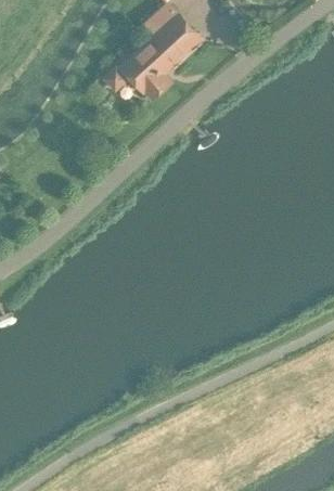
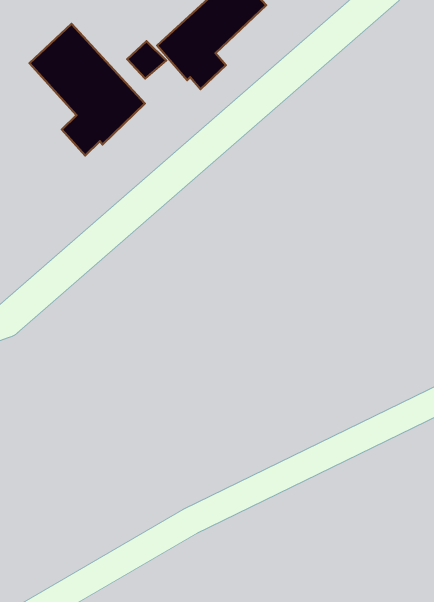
building: none -> [30,24,145,155]

